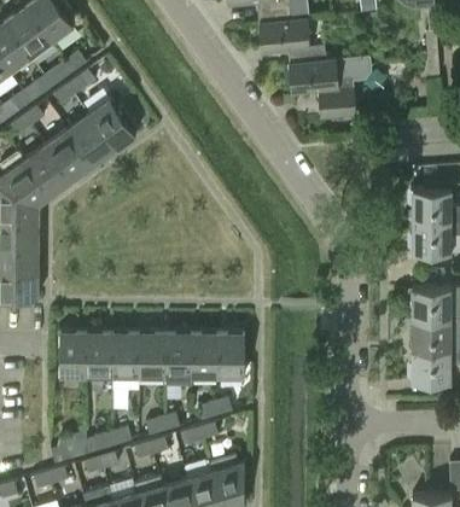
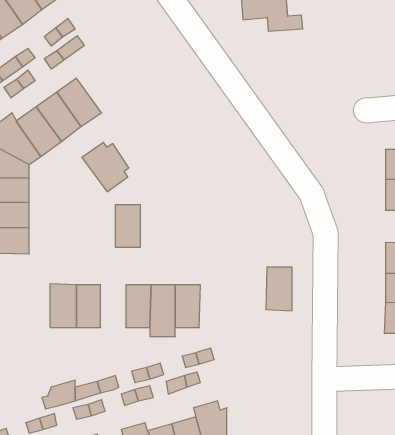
building: [289,58,371,120] -> none
building: [87,99,136,151] -> [82,142,129,192]
building: [112,332,139,377] -> [115,205,140,247]
building: [216,332,244,378] -> [266,267,292,311]

